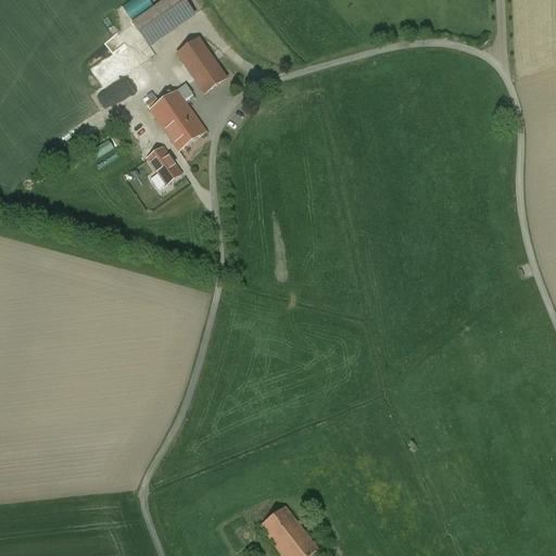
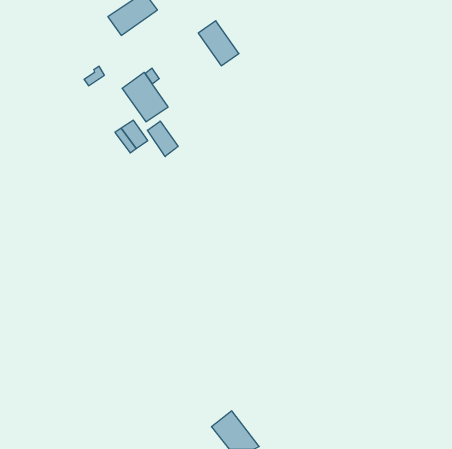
building: [177,37,227,92] -> [198,21,239,66]
building: none -> [147,121,178,157]

